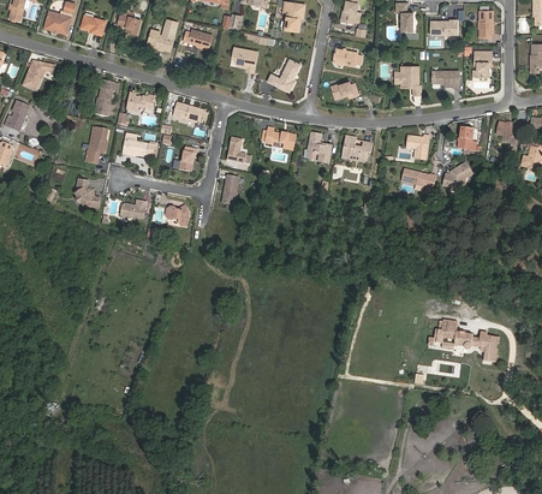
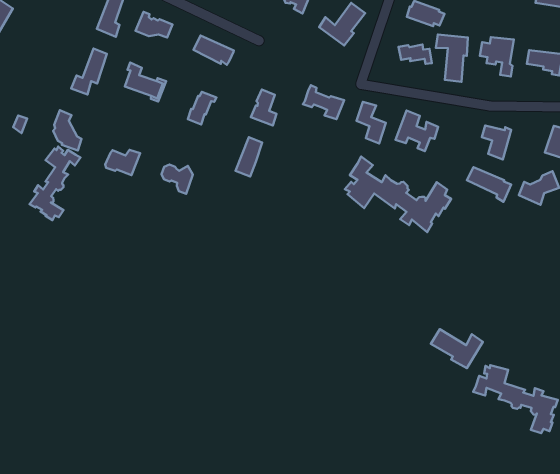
building: none -> [436,34,468,82]
building: none -> [345,156,451,232]
building: none -> [30,147,81,220]
building: none -> [431,329,483,368]

